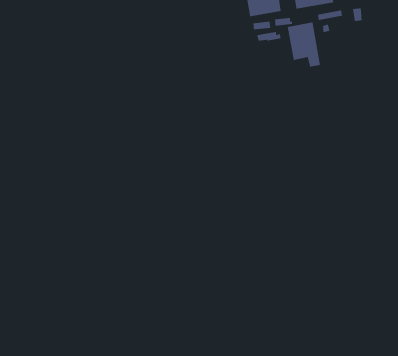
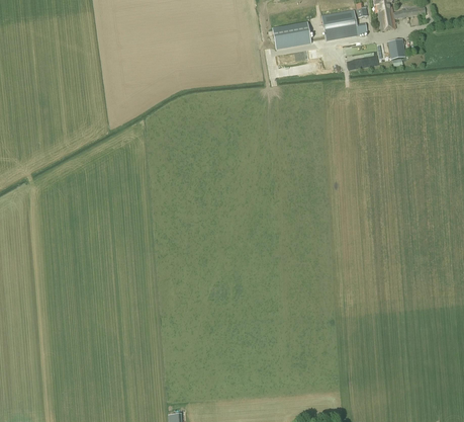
building: [287,21,321,67] -> none

